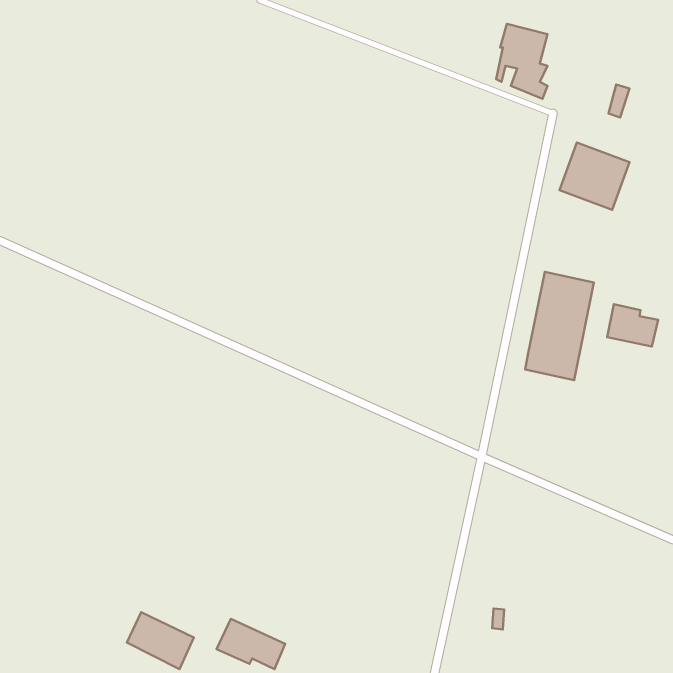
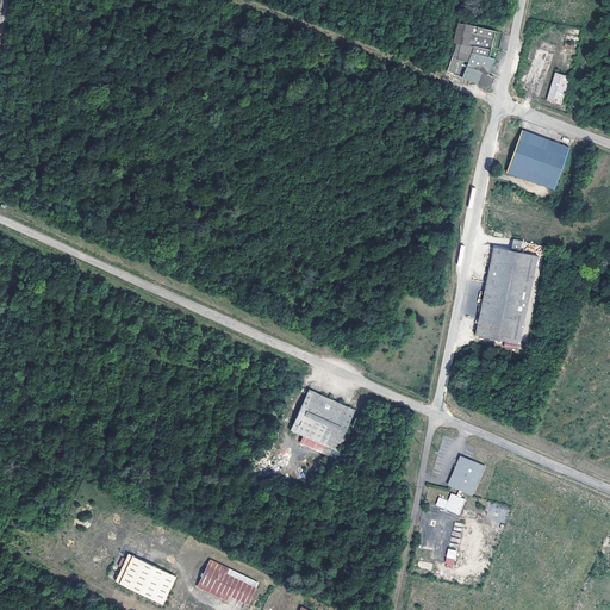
building: [607,304,658,346] -> none
building: none -> [290,390,354,452]
building: none -> [434,461,484,516]

